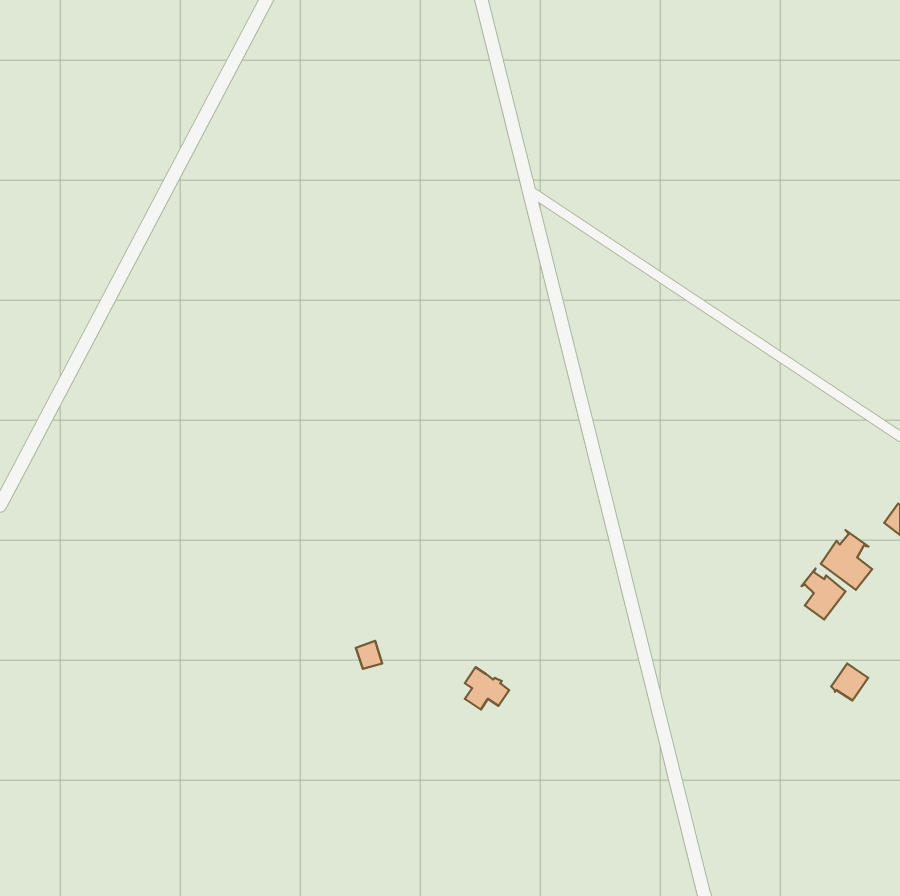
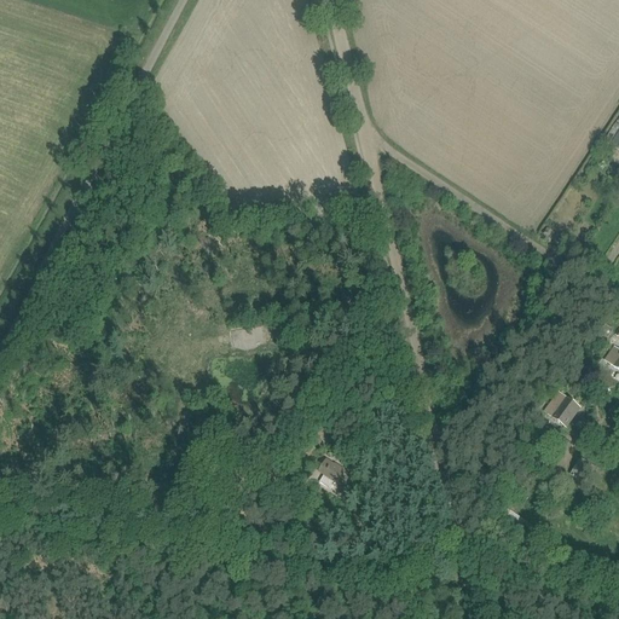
building: [821,530,872,590] -> none

